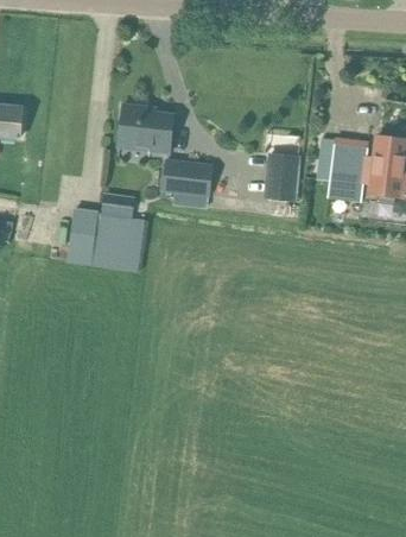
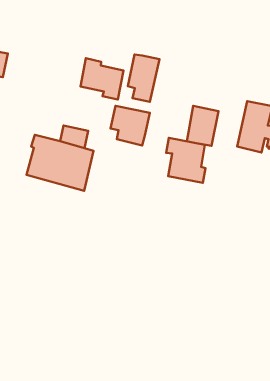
building: none -> [128,55,160,102]
building: none -> [166,138,205,183]

